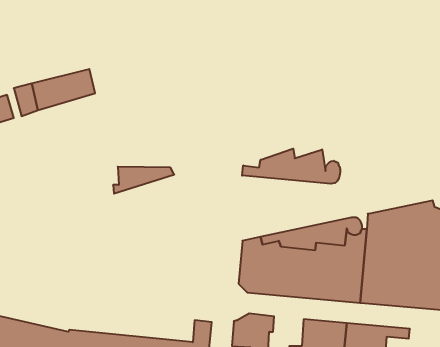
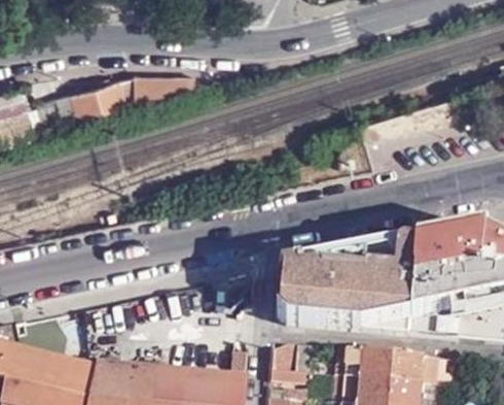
building: [242,149,340,184] -> none
building: [113,167,174,194] -> [131,73,196,102]

